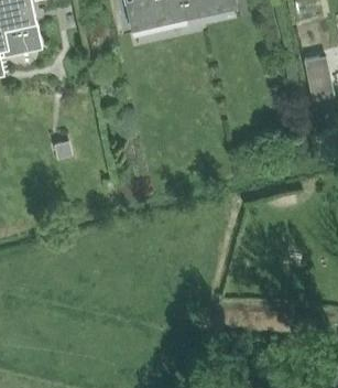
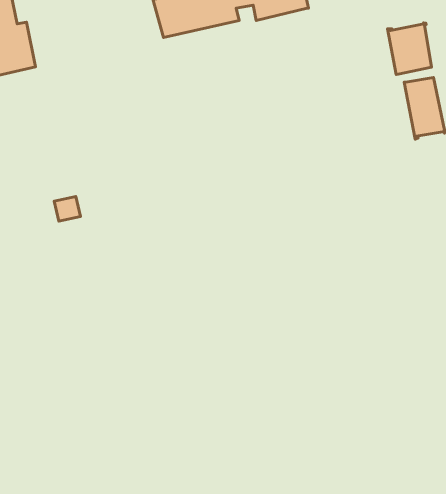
building: none -> [388,23,431,75]

